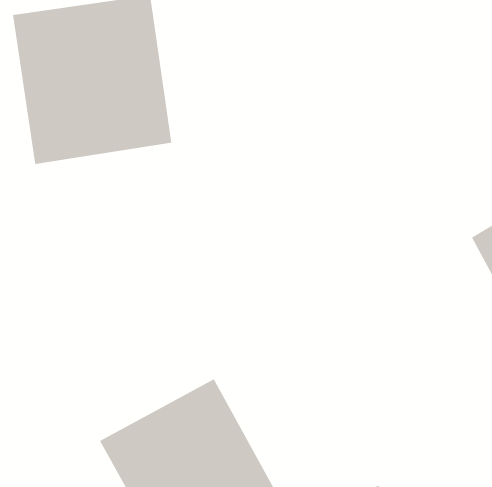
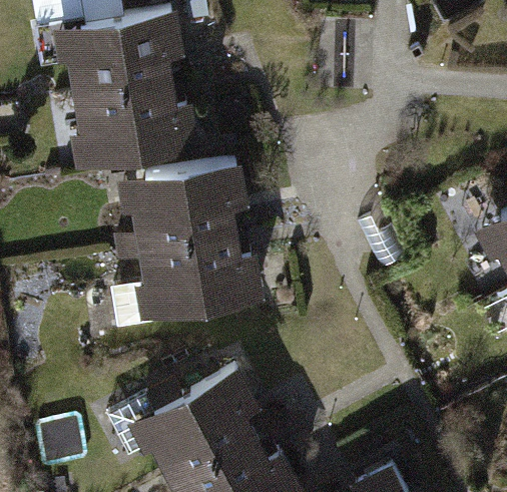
building: none -> [123,166,264,315]

